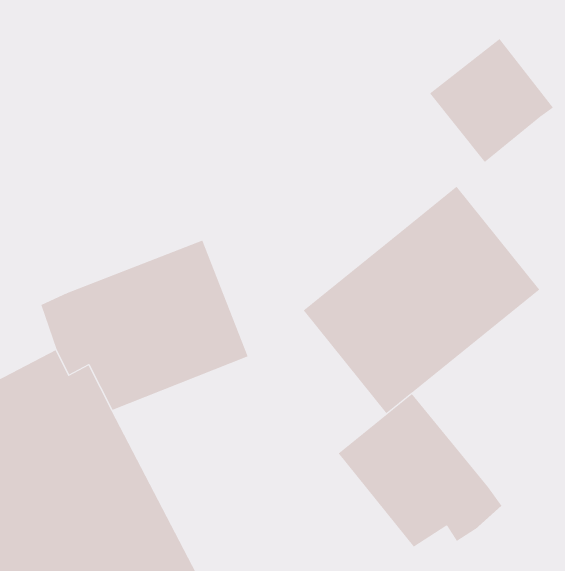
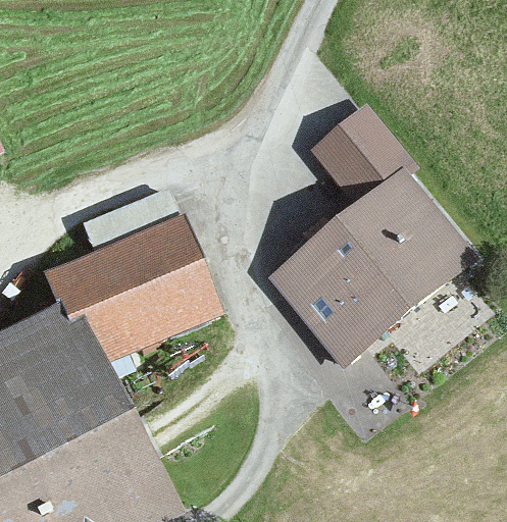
building: [429,38,554,163] -> [307,99,415,207]
building: [338,393,502,548] -> none

